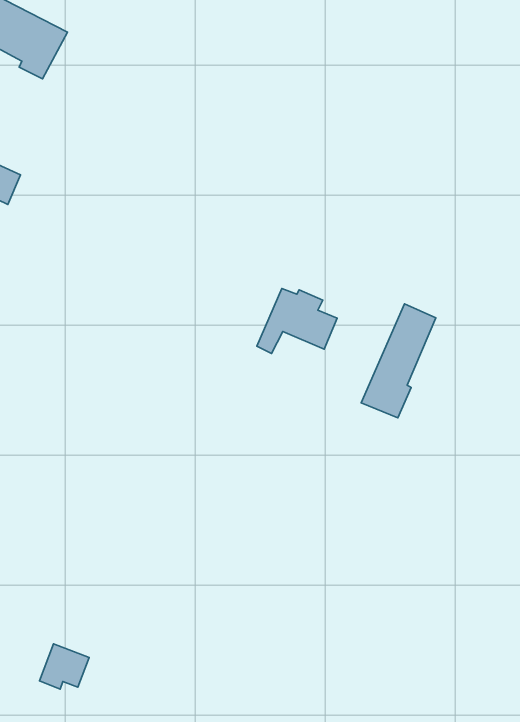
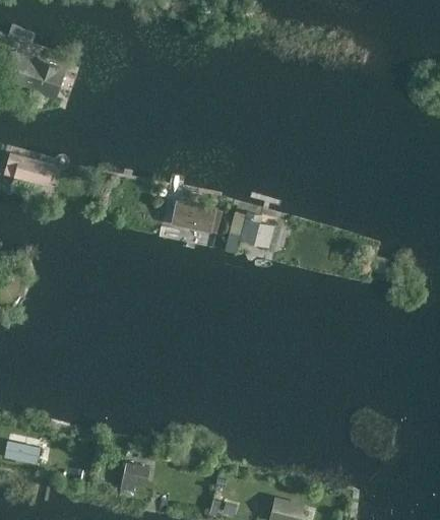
building: none -> [172,202,213,231]
building: [361,304,436,418] -> none

